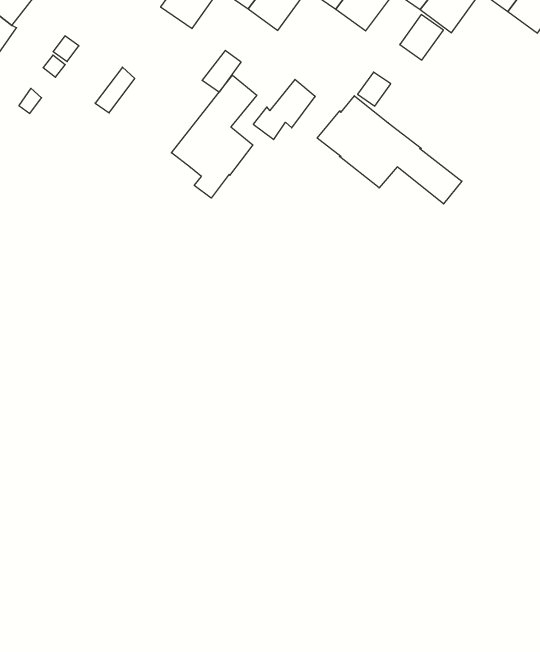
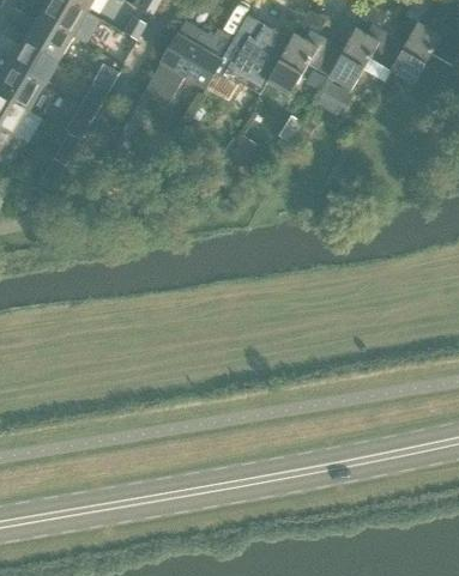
building: [171,75,257,198] -> none
building: [317,96,462,204] -> none

